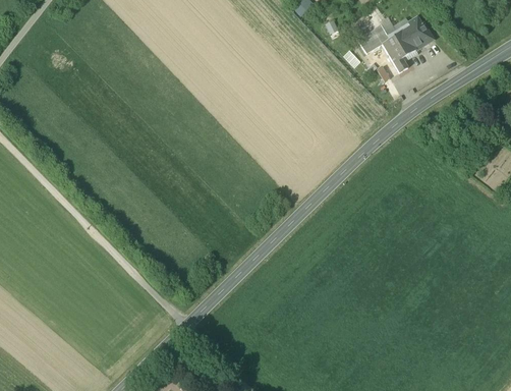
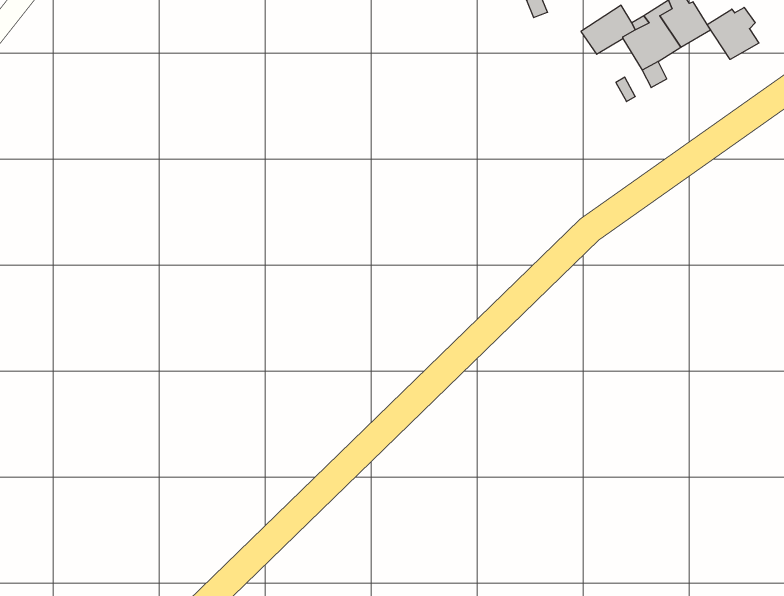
building: none -> [707,7,759,59]

